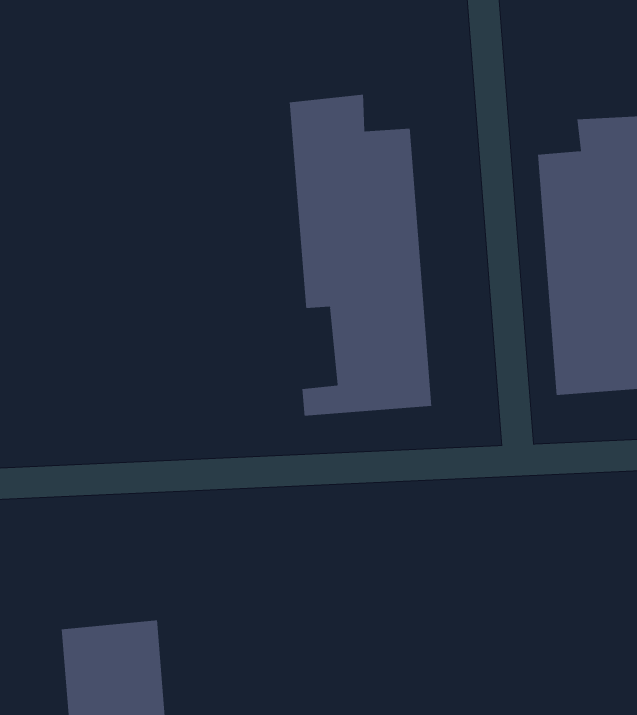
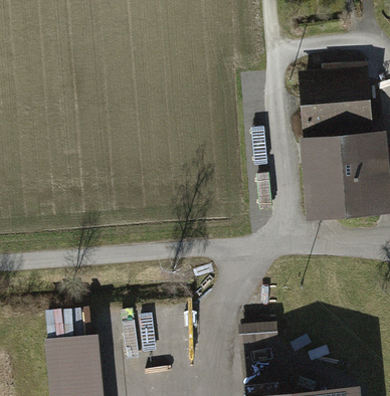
building: [289,94,432,416] -> none

